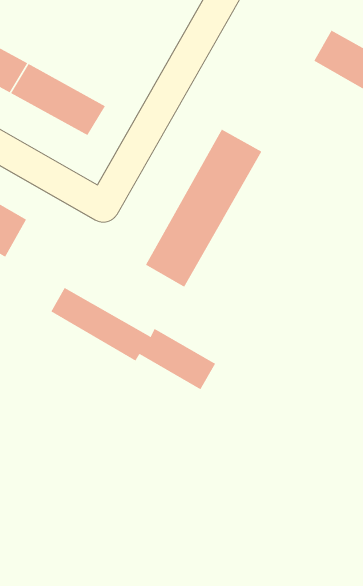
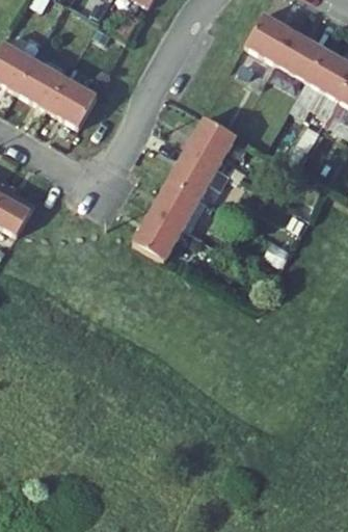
building: none -> [245,15,295,61]
building: [50,287,216,390] -> none

